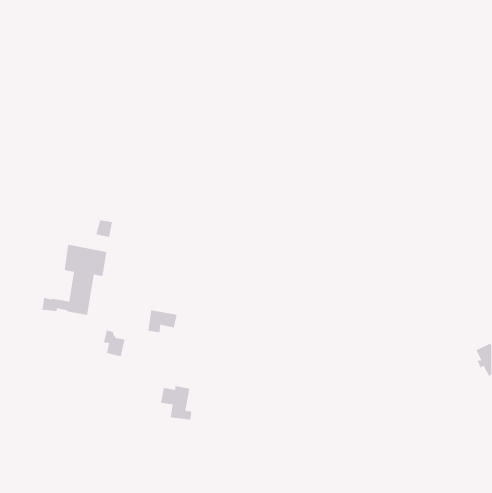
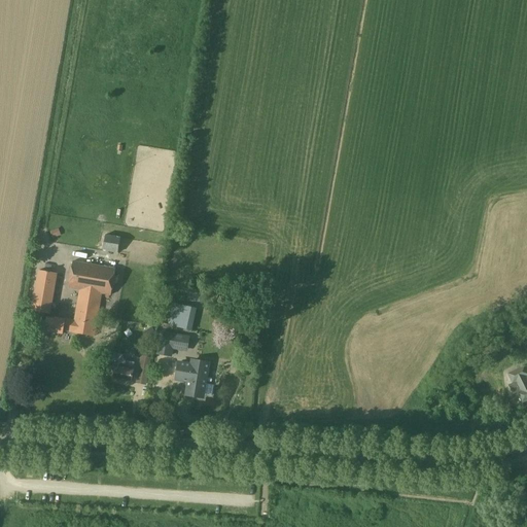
building: none -> [30,270,57,314]
building: none -> [168,304,196,330]
building: [160,386,192,420] -> [175,360,209,397]

